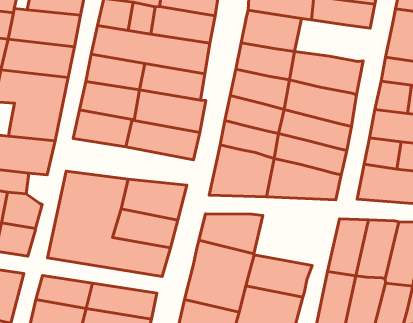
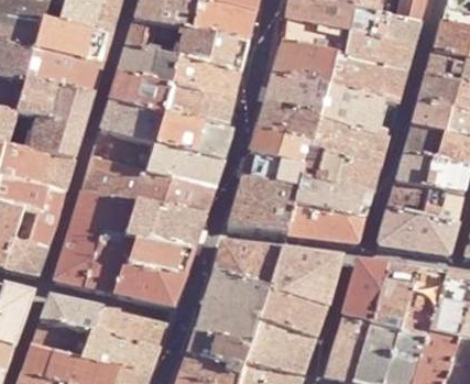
building: none -> [326,56,405,105]
building: none -> [83,160,214,217]
building: none -> [267,254,339,309]

